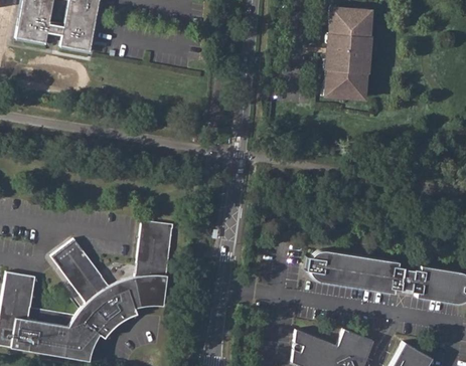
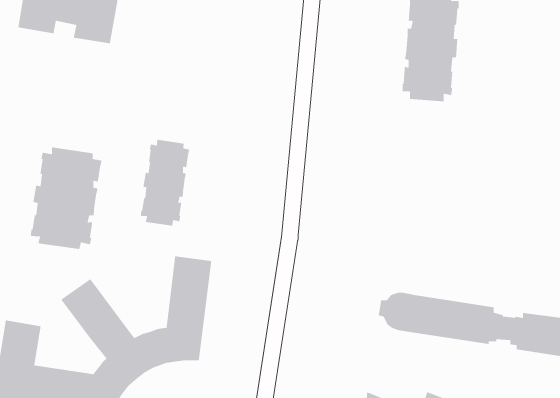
building: none -> [140,139,190,226]
building: none -> [30,147,103,250]

